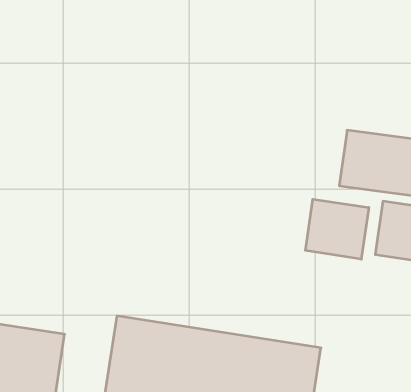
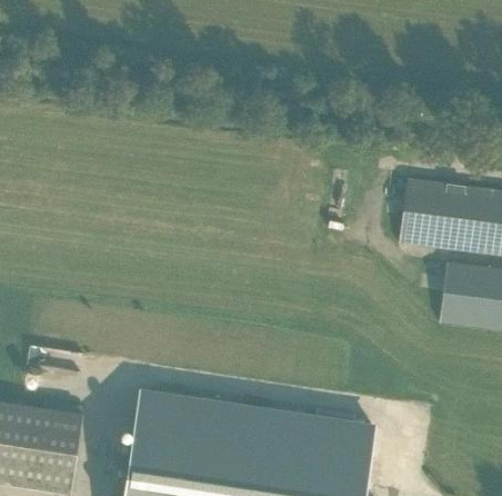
building: [305,199,369,259] -> none

